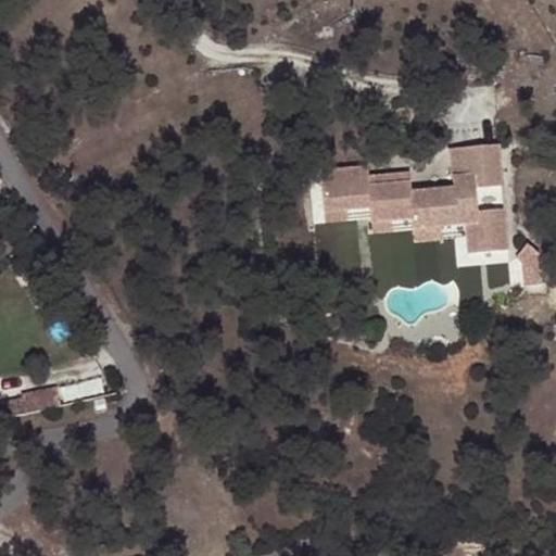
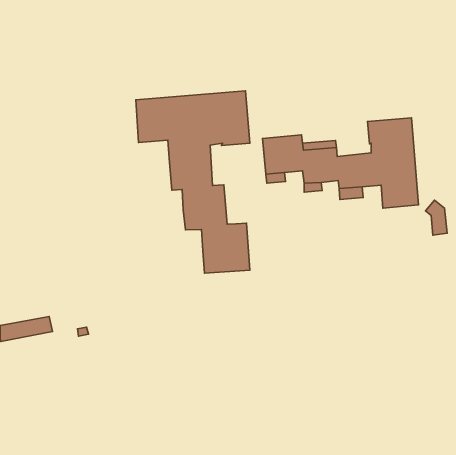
building: none -> [136,91,250,273]

